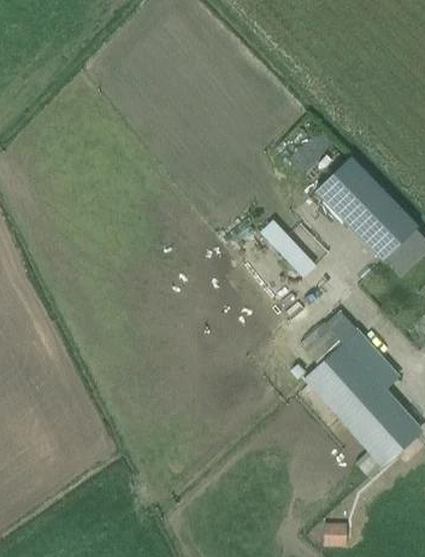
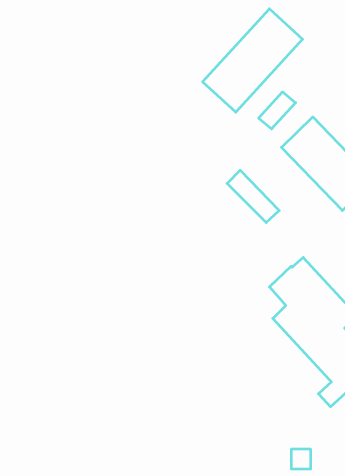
building: none -> [203,9,303,112]

